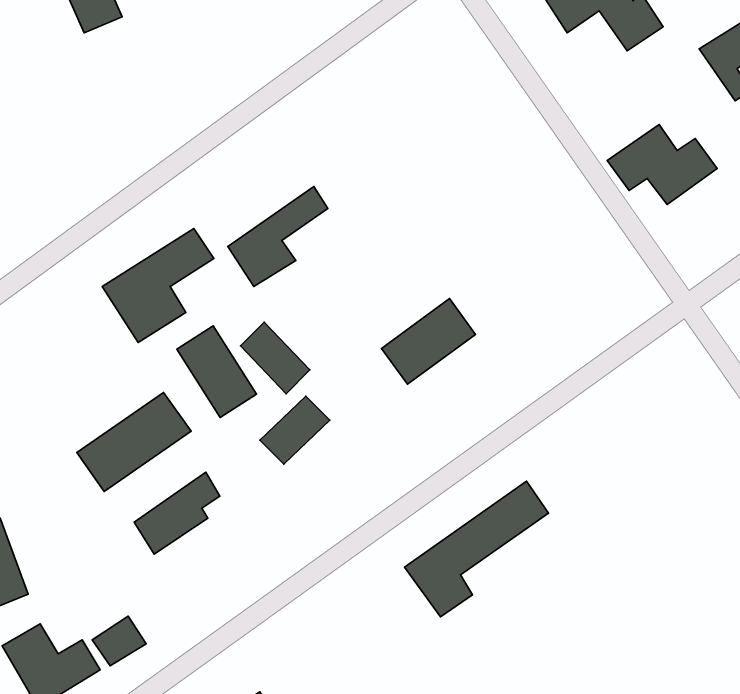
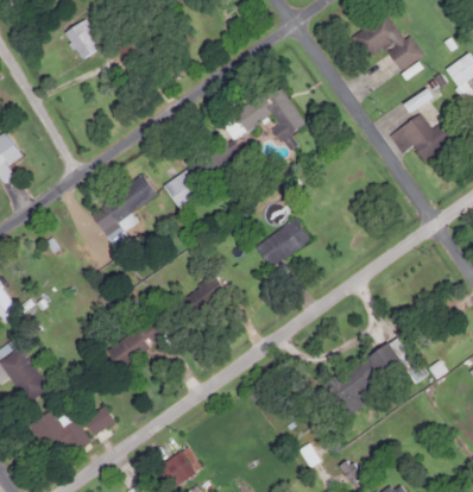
building: none -> [235,83,305,141]
building: [241,322,310,394] -> none
building: [177,326,256,418] -> none
building: [77,392,191,491] -> none
building: [405,481,548,617] -> [326,336,411,417]

